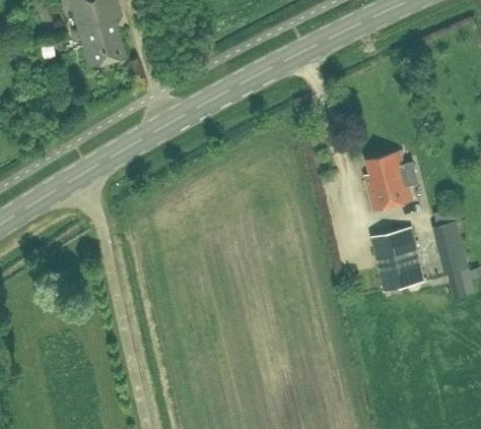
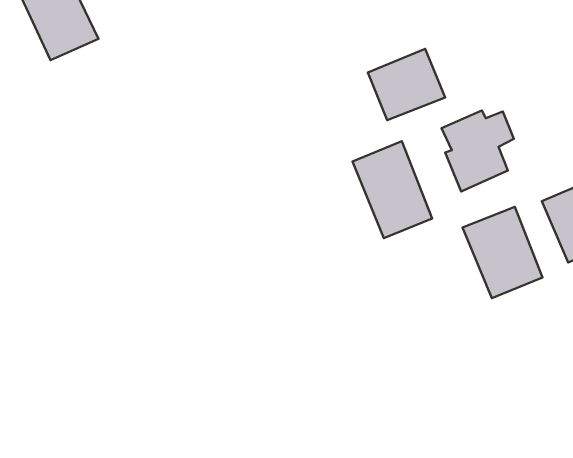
building: none -> [368,49,445,120]
building: none -> [352,141,432,238]

